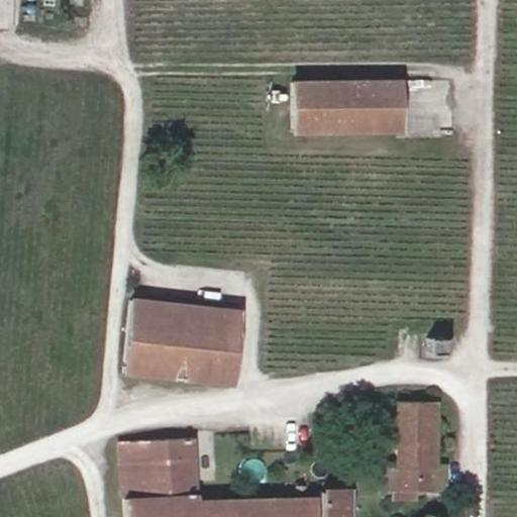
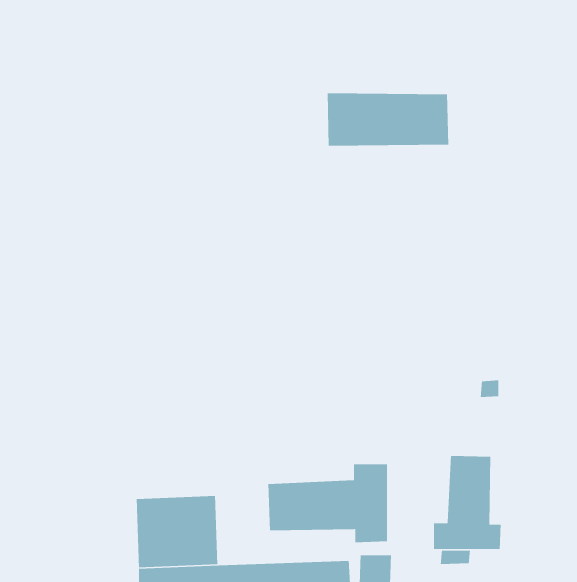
building: [127,300,242,382] -> none
building: none -> [268,463,388,543]

